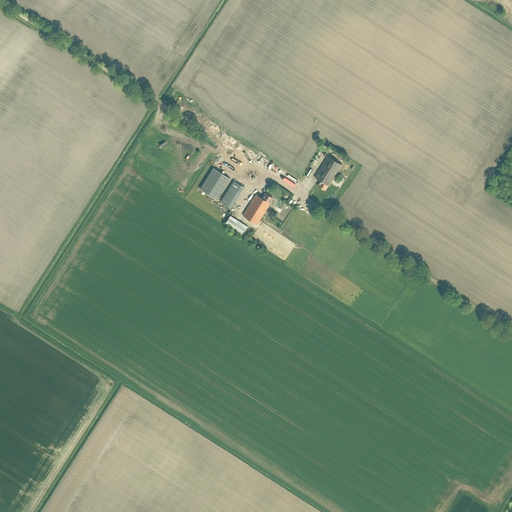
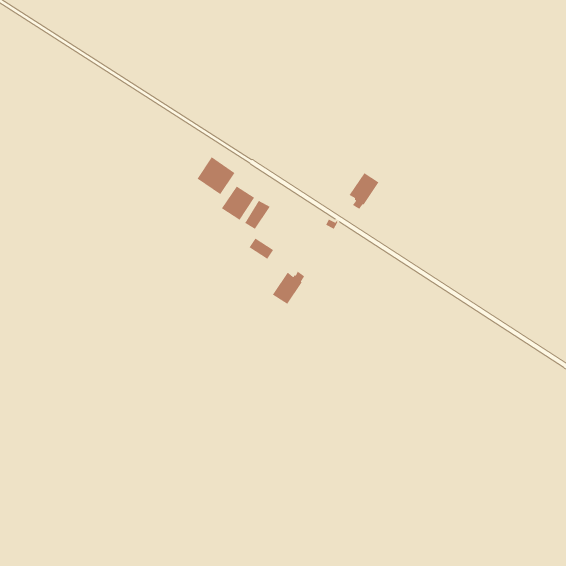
building: none -> [197,156,236,195]
building: [242,192,272,223] -> [272,270,305,305]

